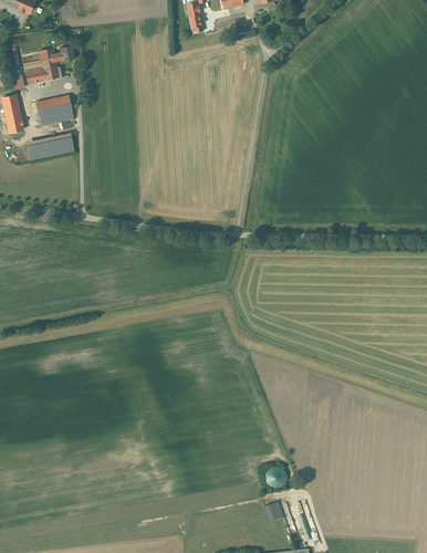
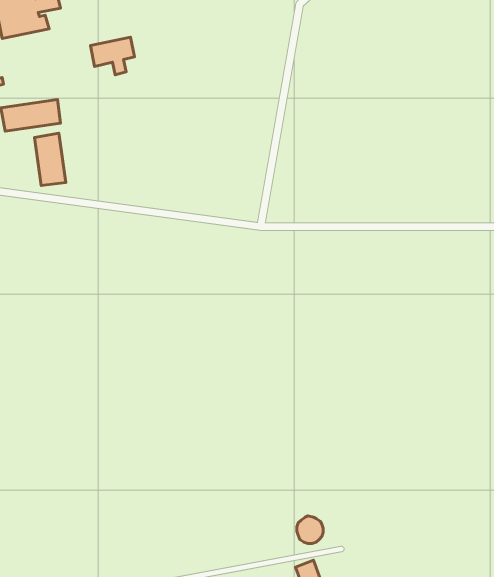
building: [35,92,71,122] -> [90,37,135,75]
building: none -> [34,133,66,186]

